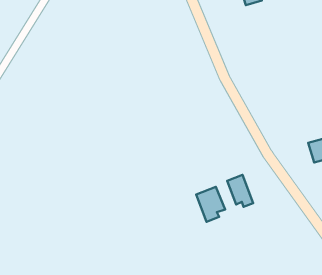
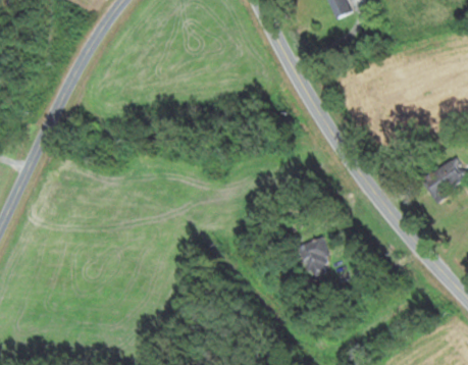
building: [227,175,253,207] -> none

